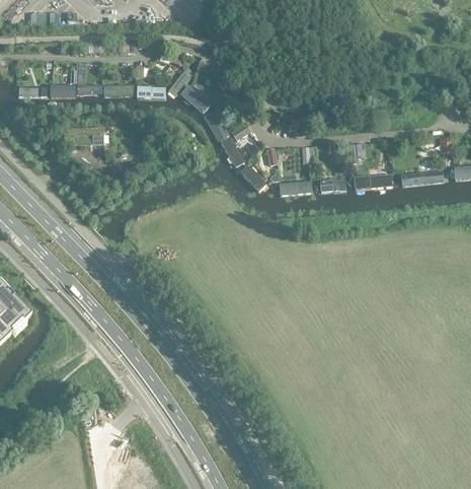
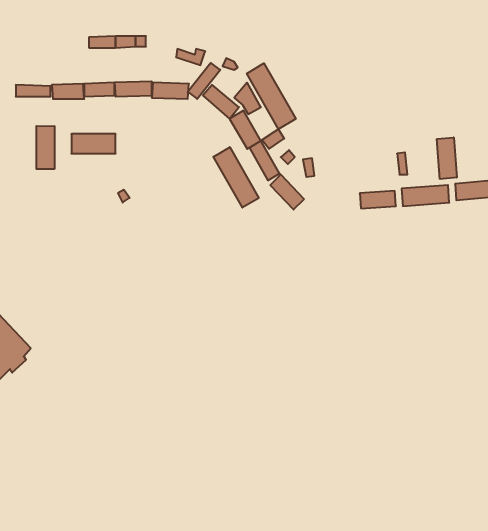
building: none -> [247,63,296,129]
building: none -> [36,126,54,169]
building: none -> [437,137,457,179]
building: none -> [213,147,259,208]
building: [279,181,314,197] -> none

